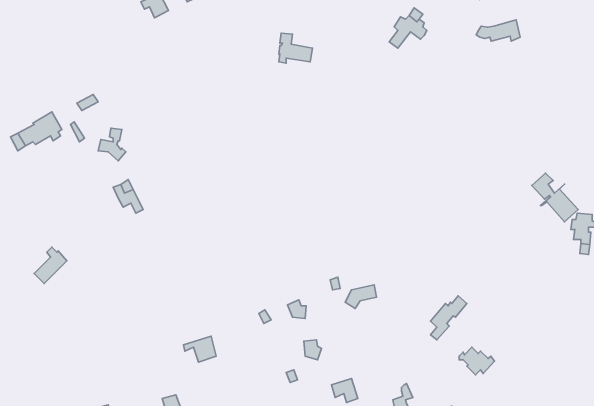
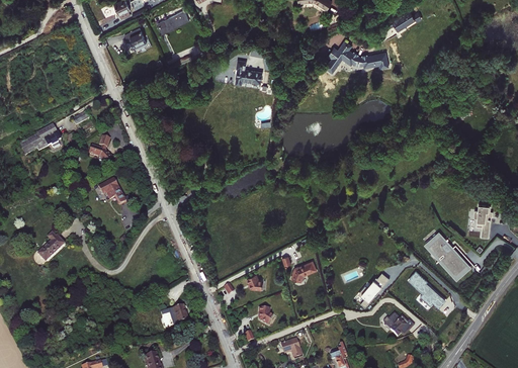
building: [476,20,520,41] -> [355,49,391,66]
building: [532,173,578,222] -> [428,235,465,274]
building: none -> [410,269,445,307]

